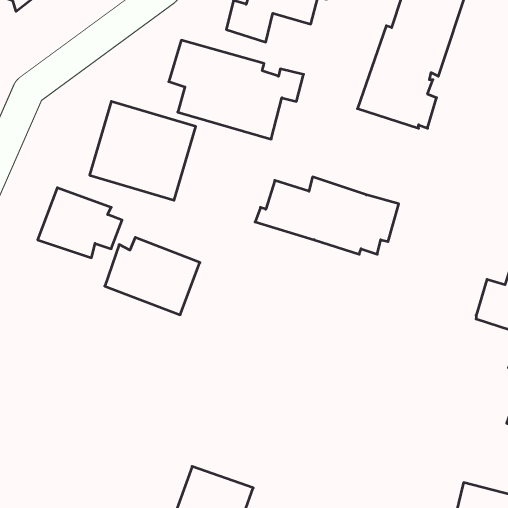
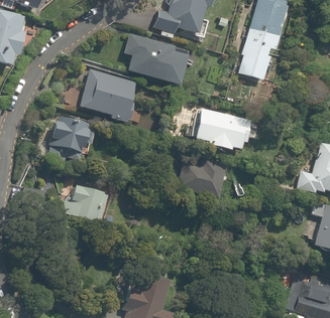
building: [105,237,200,315] -> [57,183,110,226]
building: none -> [180,153,229,198]

